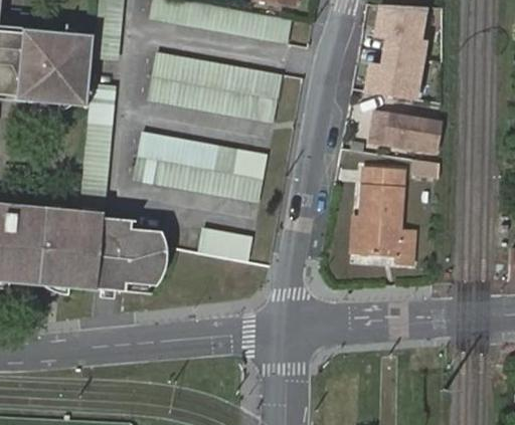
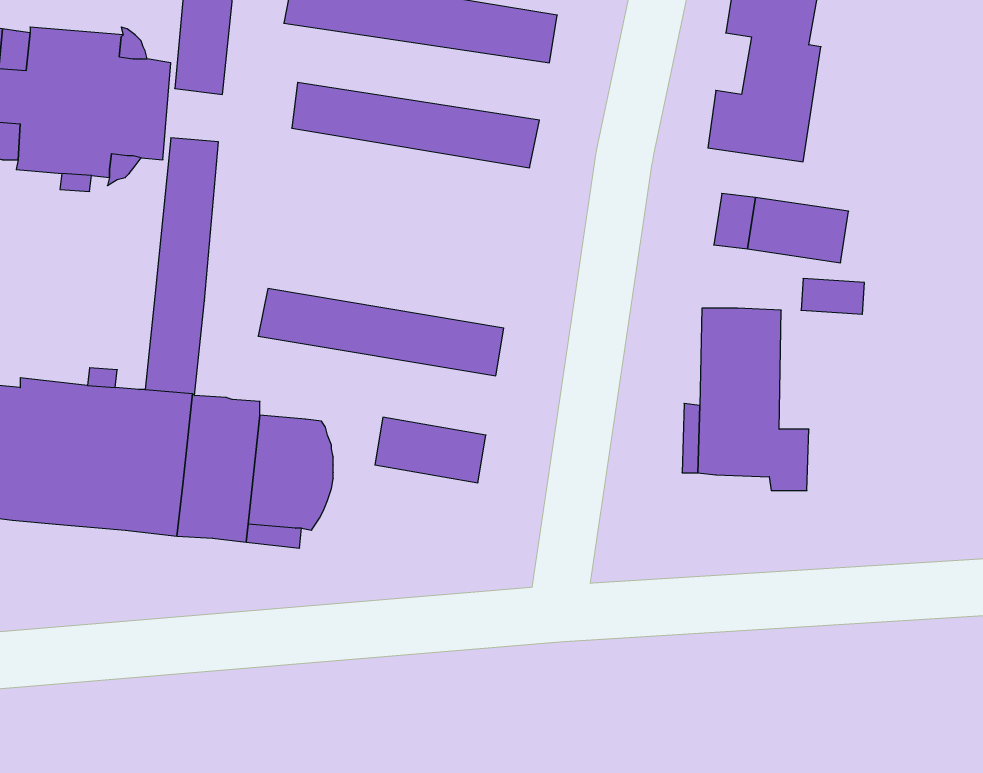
building: [148,79,274,124] -> none
building: [141,134,265,178] -> none

